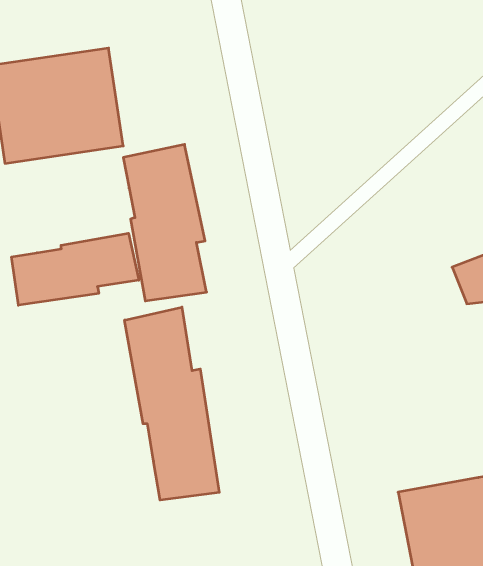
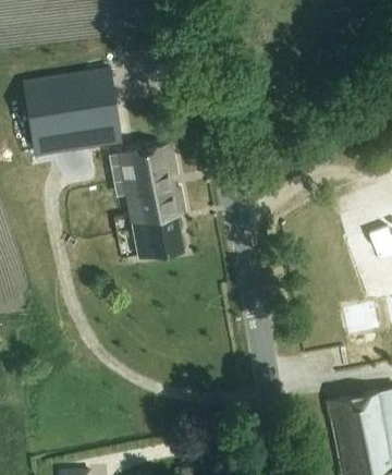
building: [12,233,139,305] -> none
building: [125,307,219,500] -> none

